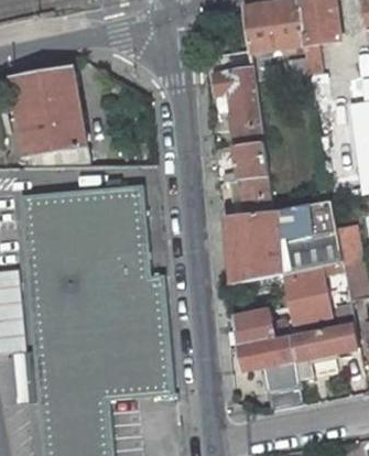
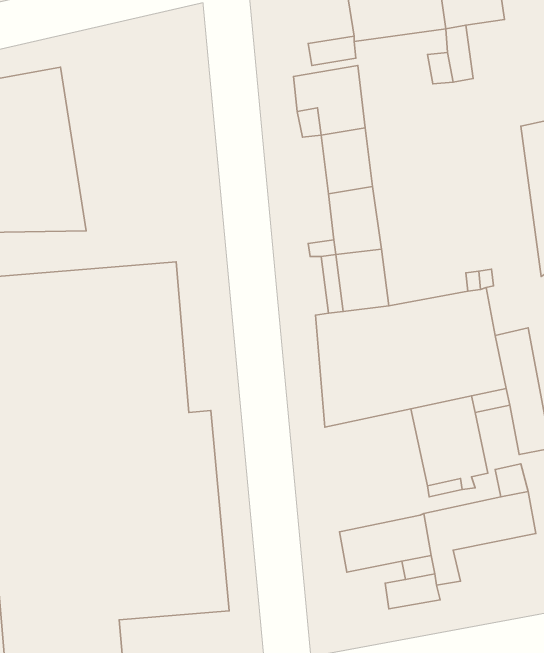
building: [237,310,290,347] -> none

